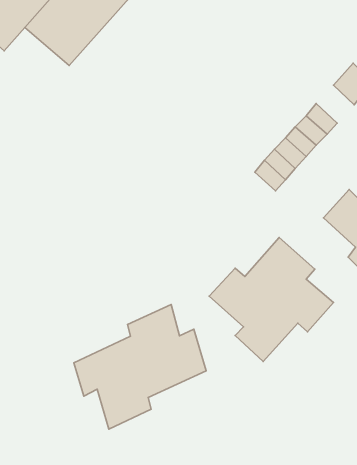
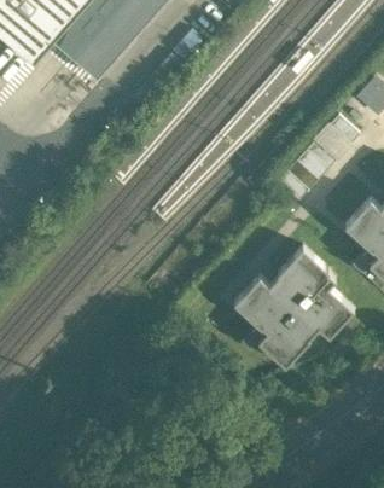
building: [74,305,206,429] -> none

